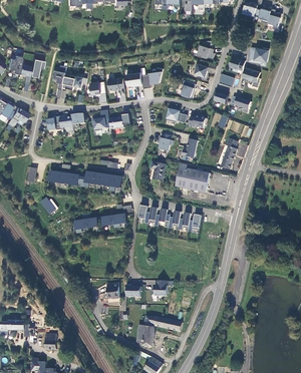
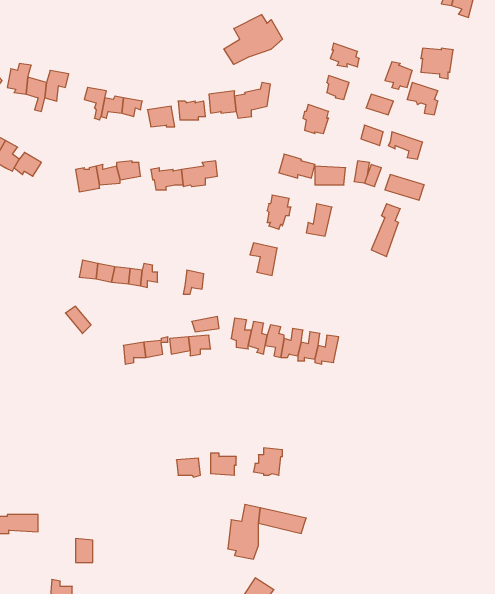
building: none -> [224,15,282,64]
building: [176,166,210,193] -> none

